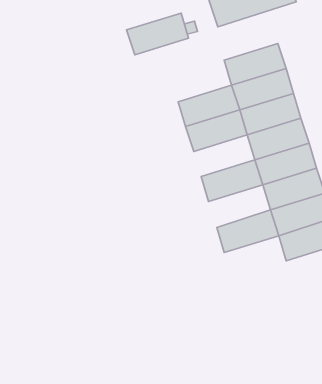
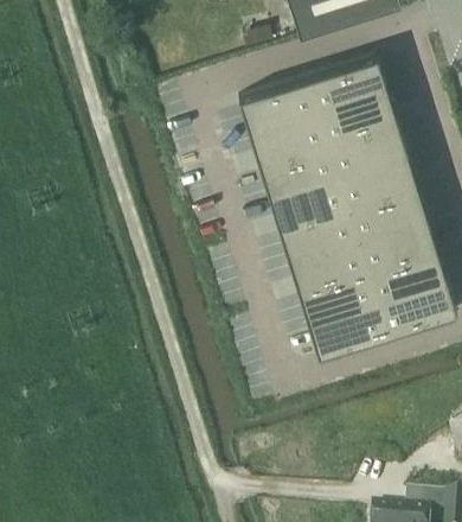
building: [127,13,188,55] -> [238,78,317,132]
building: none -> [269,174,347,228]
building: none -> [288,238,367,293]
building: none -> [308,304,387,357]

